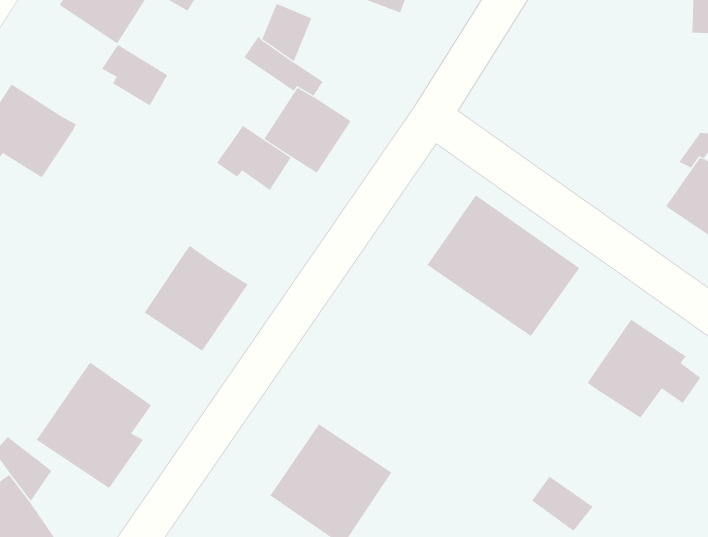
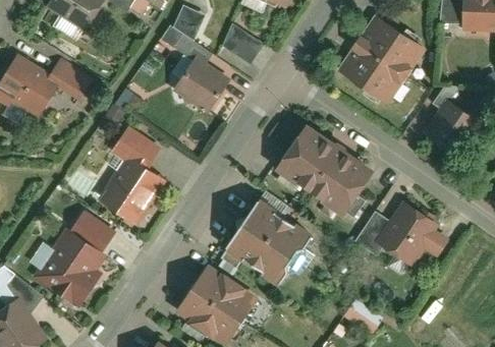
building: none -> [339,13,425,101]
building: none -> [224,25,263,66]
building: [101,44,168,106] -> [49,61,91,100]
building: [216,125,291,191] -> [112,128,159,169]
building: none -> [226,200,310,282]
building: none -> [70,212,115,253]
building: none -> [355,213,389,256]

